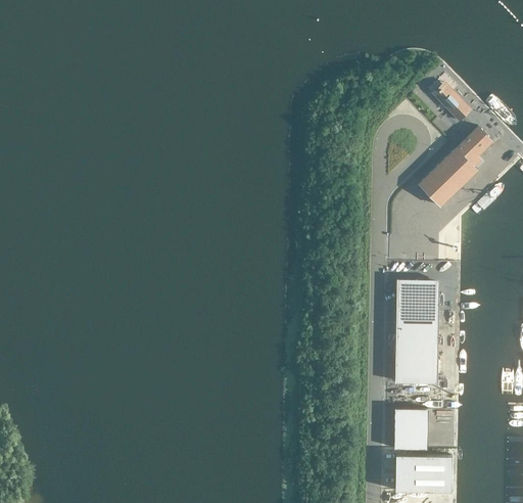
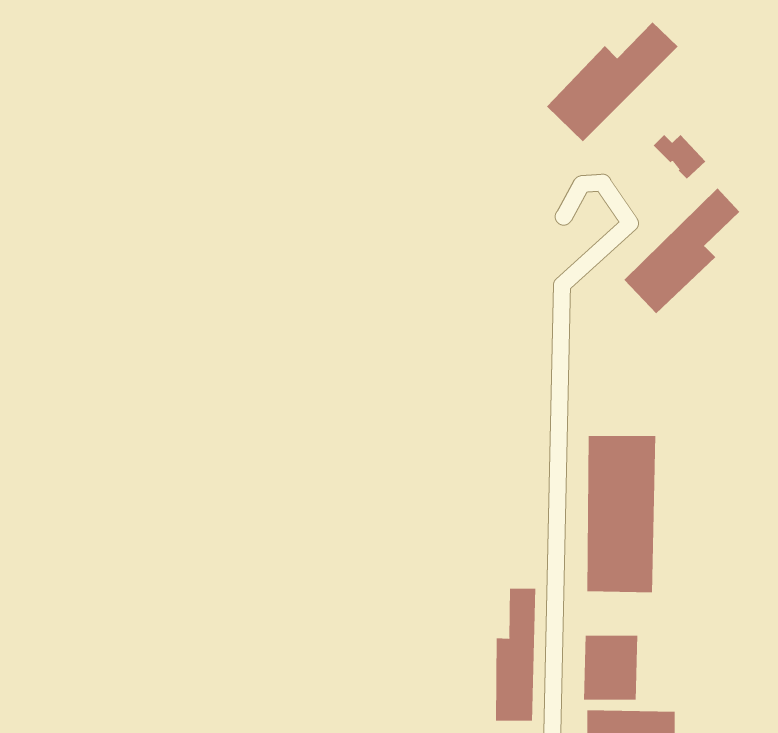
building: none -> [546,21,679,142]
building: none -> [495,588,536,721]

